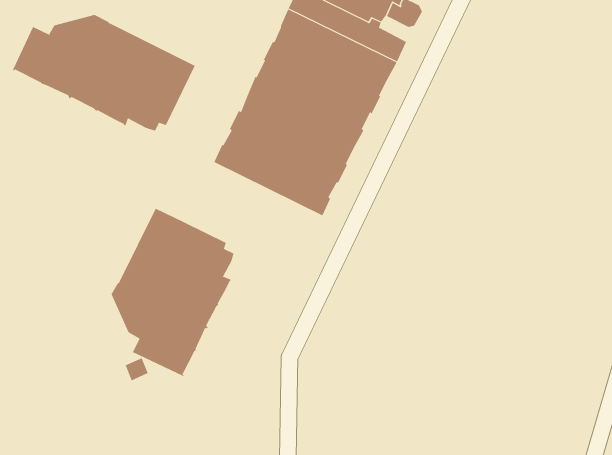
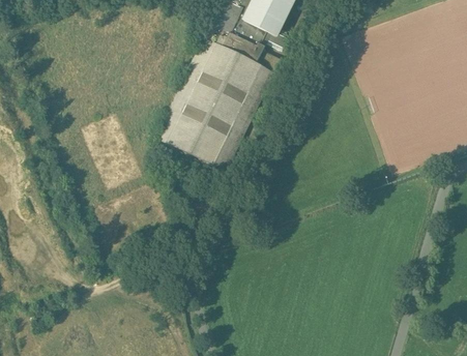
building: [13,14,196,132] -> none
building: [111,208,234,377] -> none

